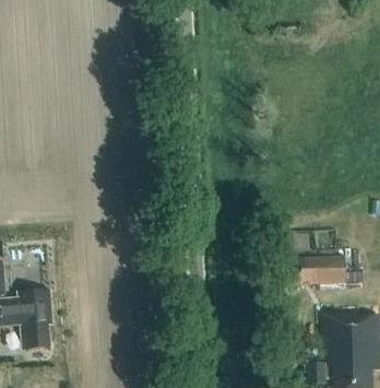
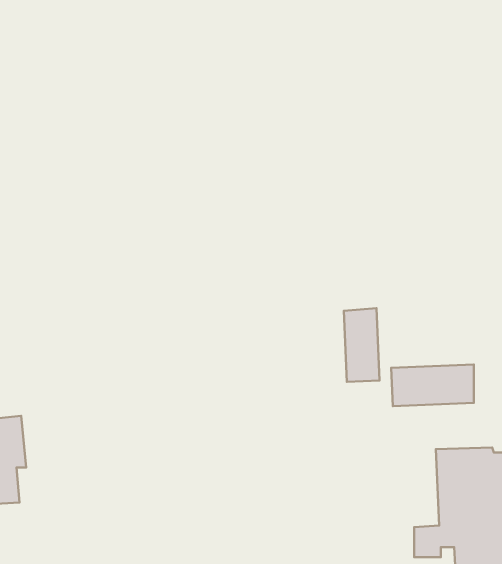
building: none -> [344,308,379,382]

